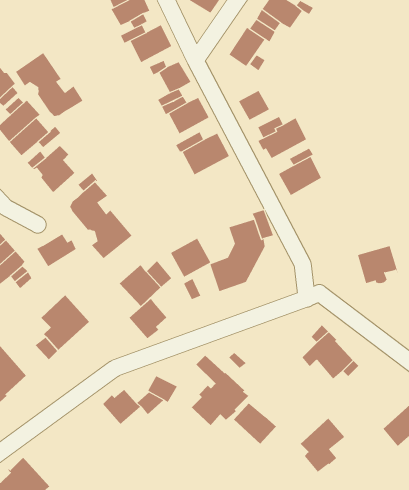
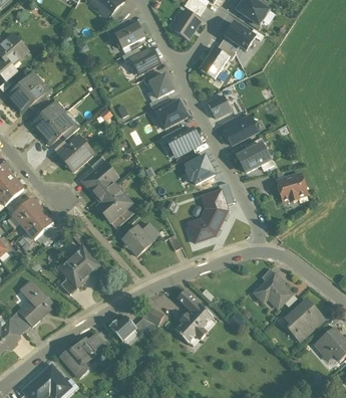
building: [15,52,84,117] -> none
building: [37,233,76,267] -> none
building: [170,238,211,277] -> [185,155,215,184]
building: [357,245,399,284] -> [276,173,306,201]
building: [128,298,167,339] -> none
building: [233,402,277,444] -> none
building: none -> [60,334,105,377]
building: [300,418,352,472] -> [285,298,323,339]

